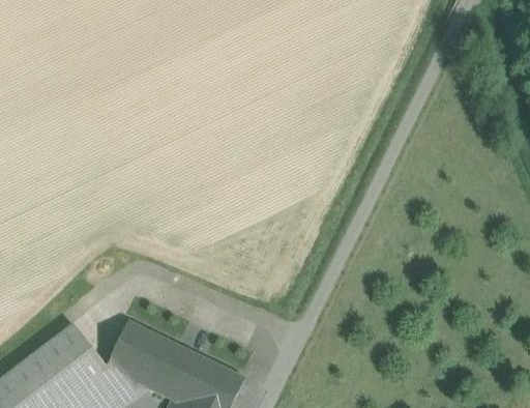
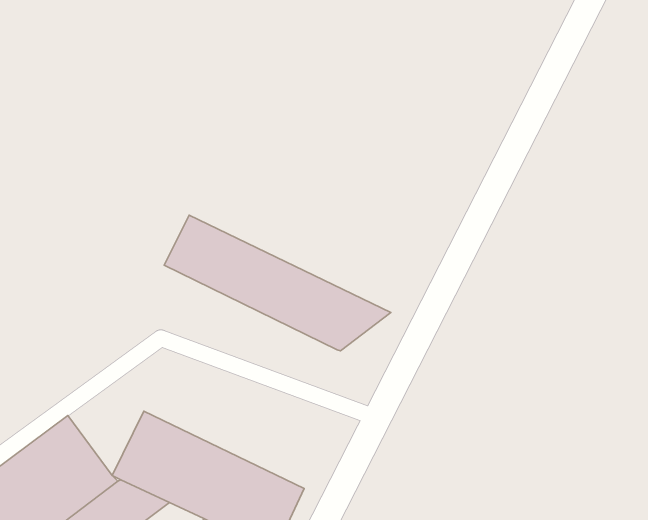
building: none -> [164,215,391,351]

